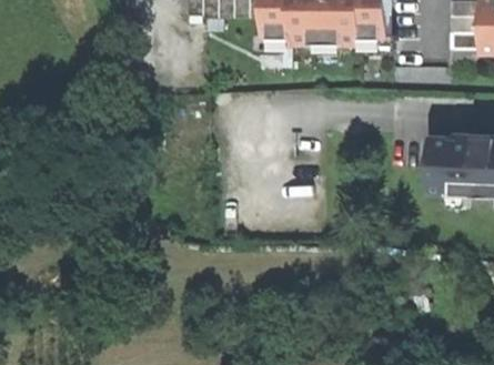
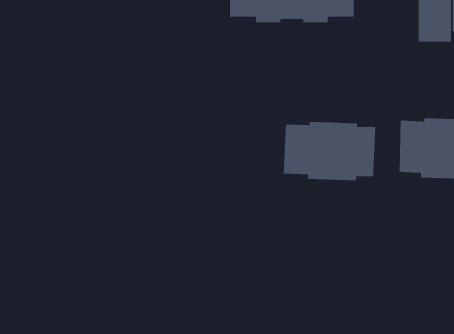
building: none -> [283,121,376,181]

